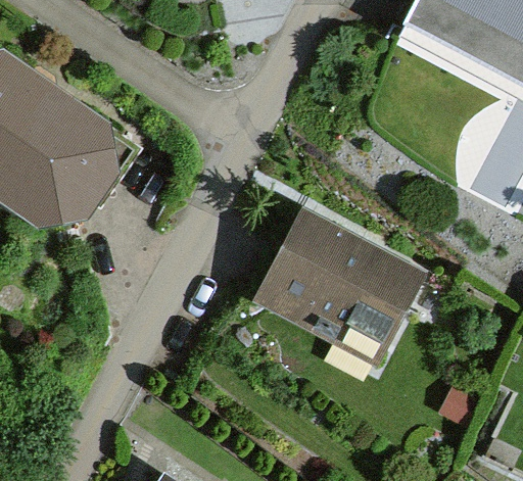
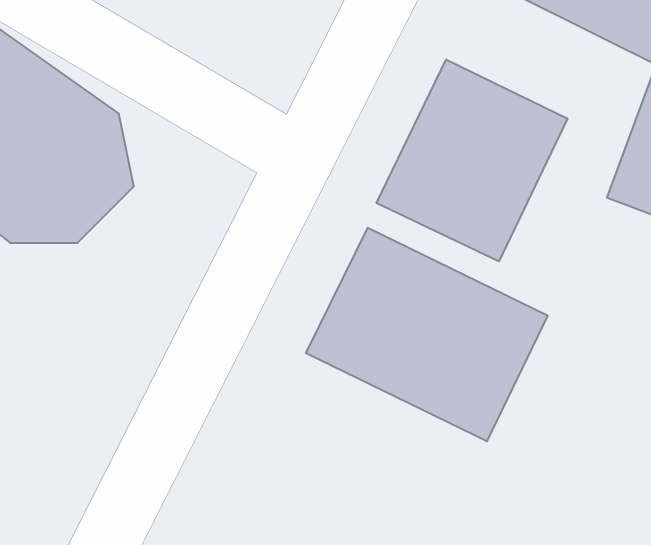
building: none -> [377,59,567,261]

